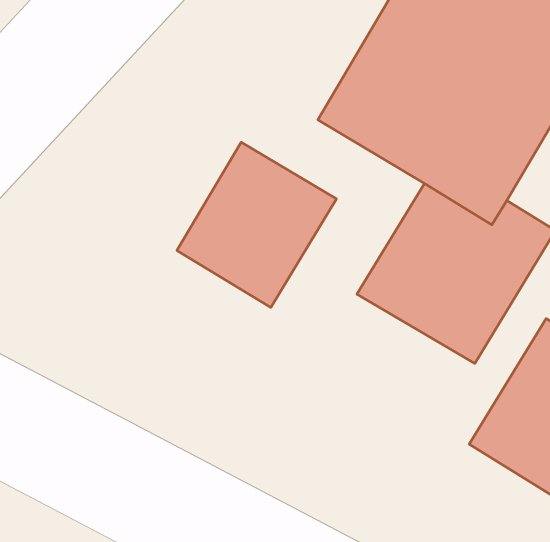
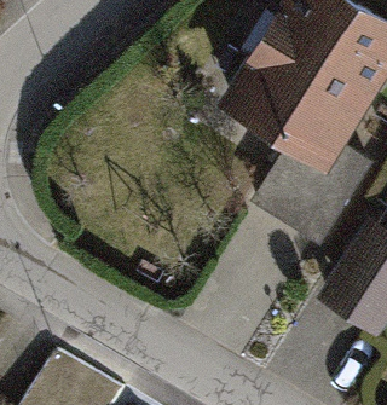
building: [177,142,337,308] -> none

